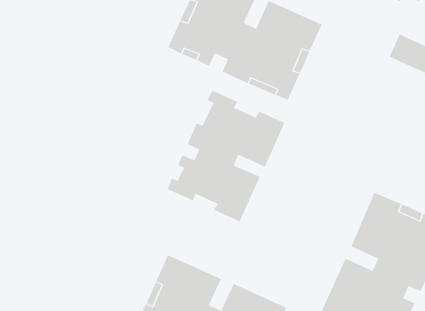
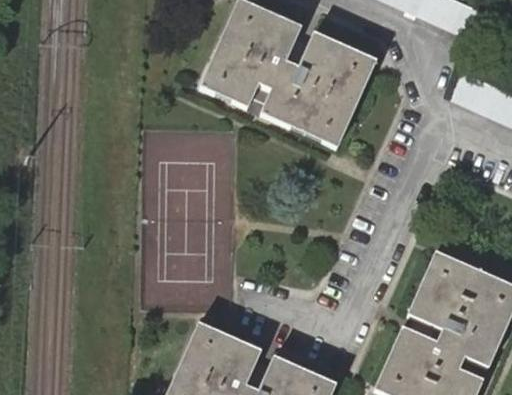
building: [167,90,285,222] -> none

